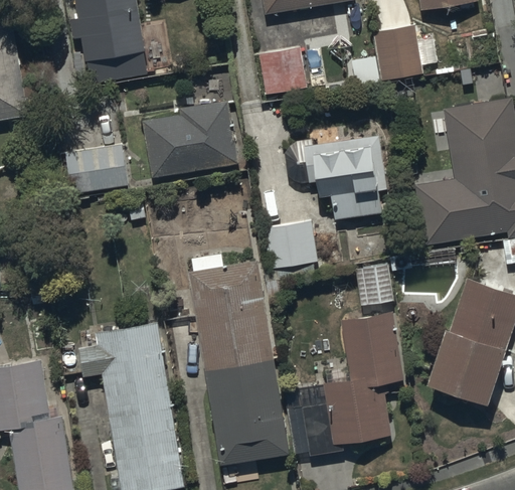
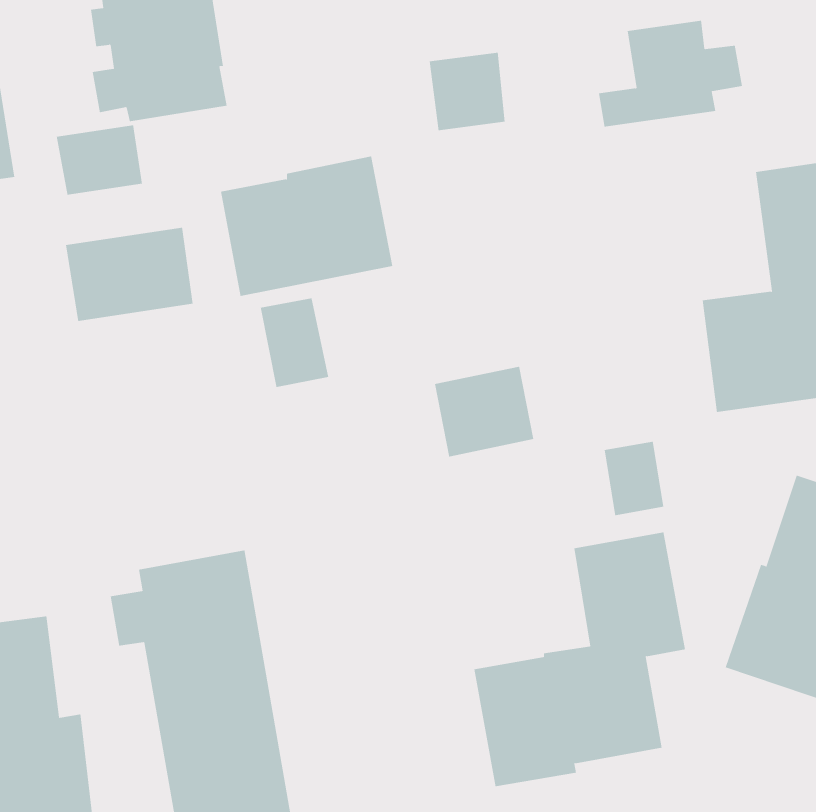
building: none -> [56,124,142,195]
building: [305,136,385,217] -> none
building: none -> [260,297,329,388]
building: [189,254,290,466] -> none

